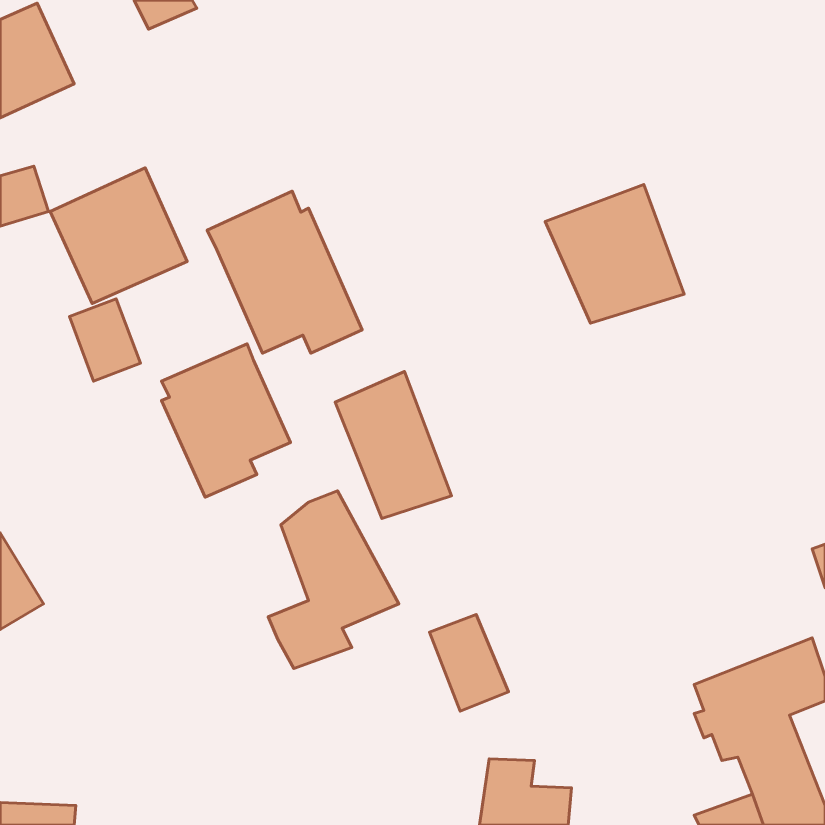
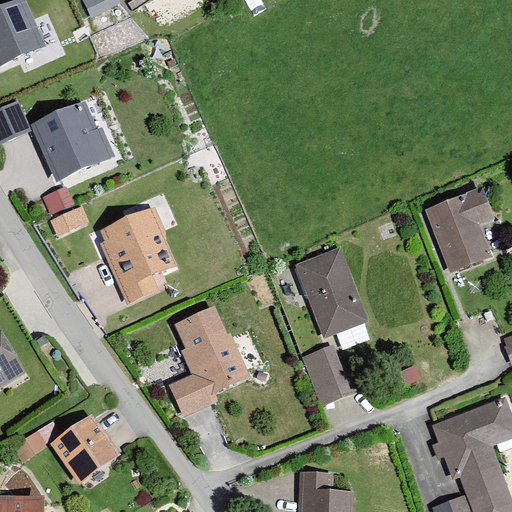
building: [545,184,684,323] -> [420,184,506,270]
building: [207,191,362,353] -> none
building: [335,372,451,518] -> [294,244,366,335]
building: [429,614,509,711] -> [304,350,353,410]
building: none -> [51,415,122,486]

